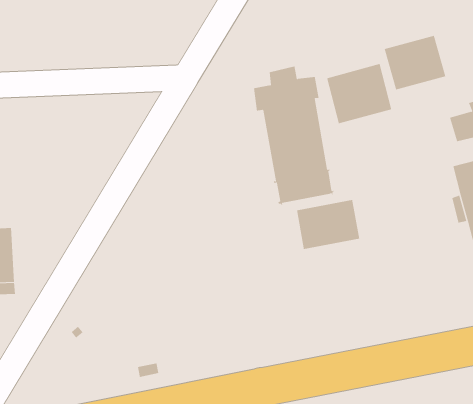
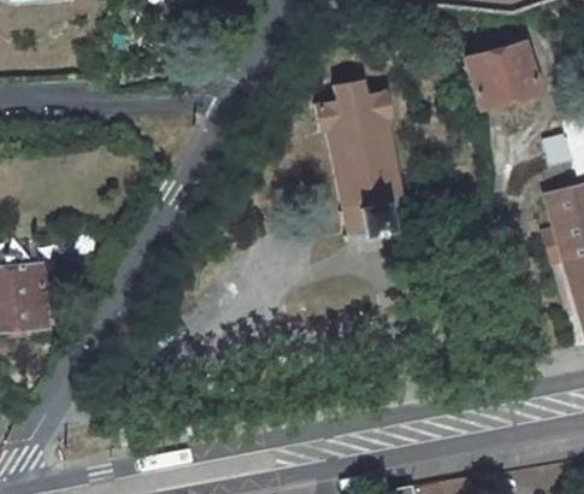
building: [326,63,392,124] -> none
building: [297,199,360,250] -> none

